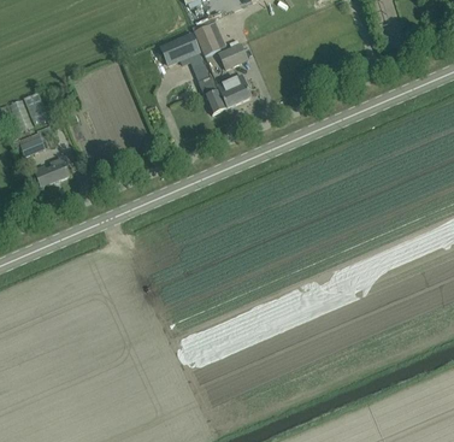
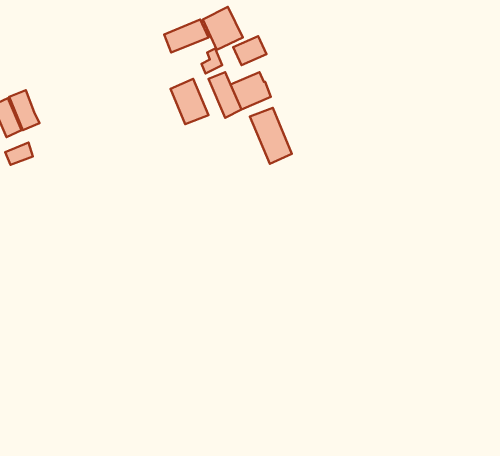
building: none -> [171,79,209,124]
building: none -> [250,108,292,164]
building: [35,157,70,187] -> none

